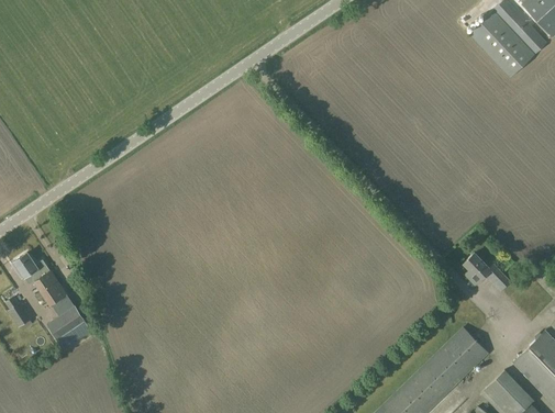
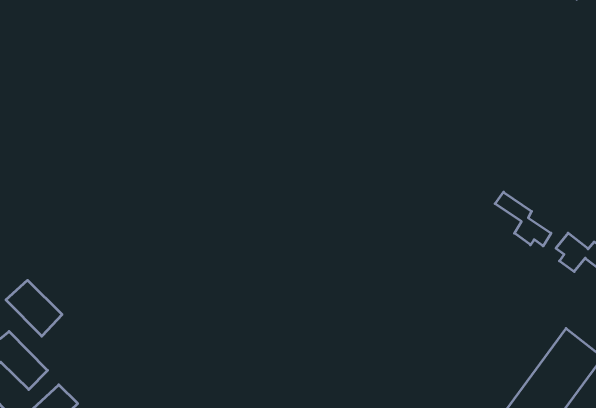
building: none -> [495,192,551,246]
building: none -> [6,280,62,336]

